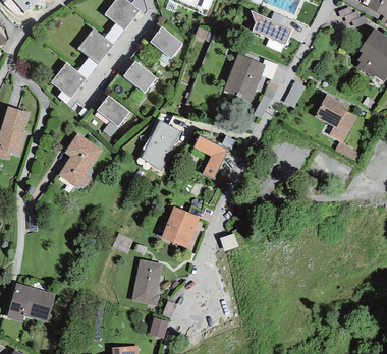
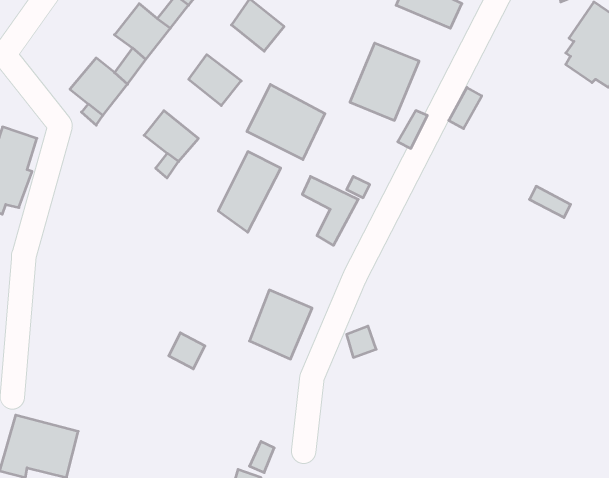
building: none -> [247,84,325,160]
building: [315,94,356,141] -> none
building: [57,133,103,187] -> none
building: [131,258,162,305] -> none

